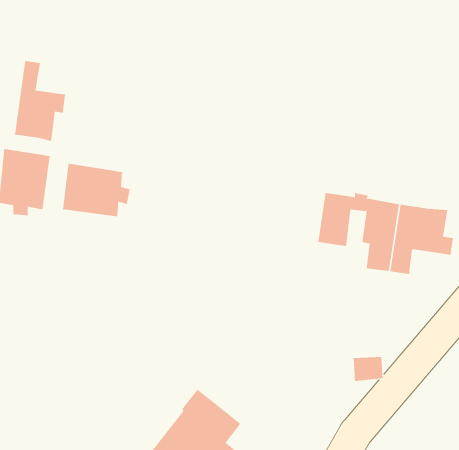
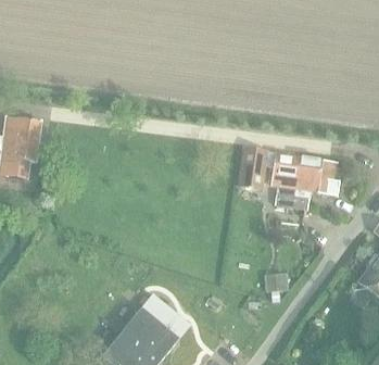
building: [15,60,66,142] -> none
building: [63,163,130,217] -> none

